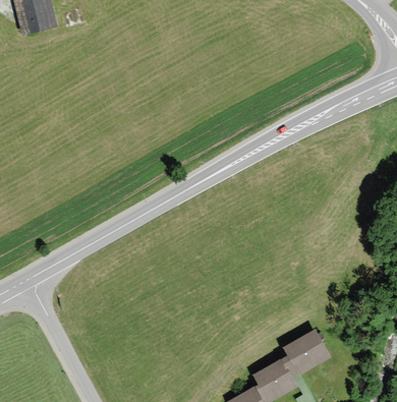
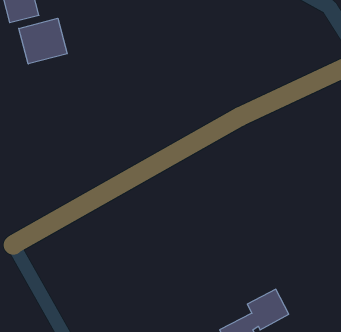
building: none -> [19,18,67,64]

